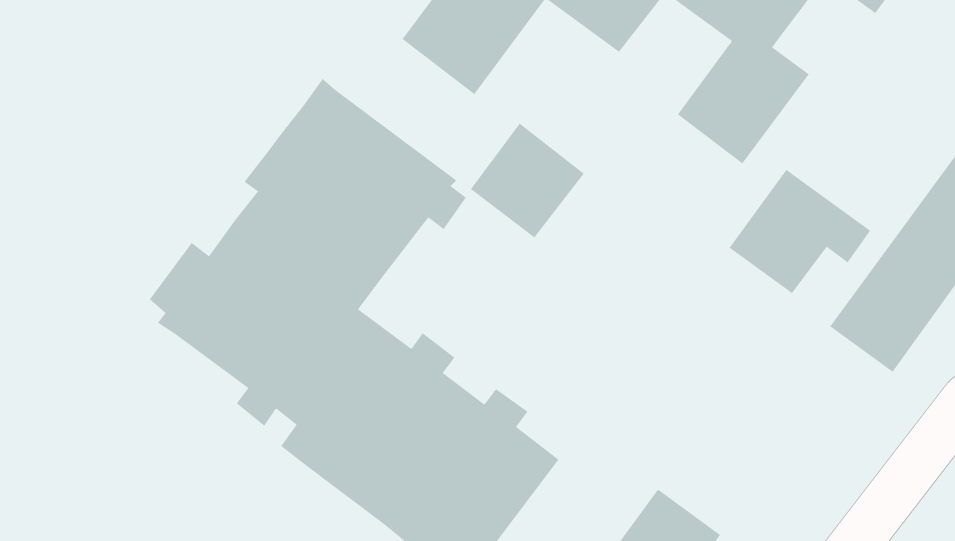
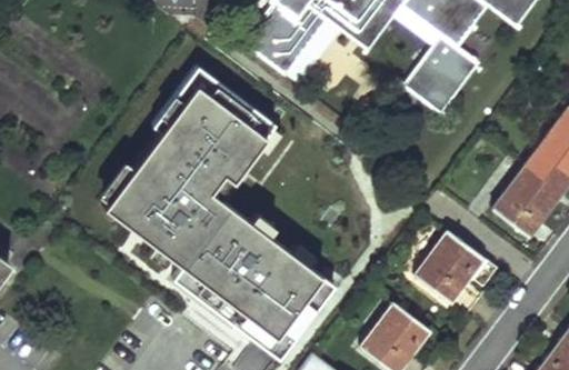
building: [470,123,585,238] -> none
building: [728,169,871,294] -> [412,230,495,302]

